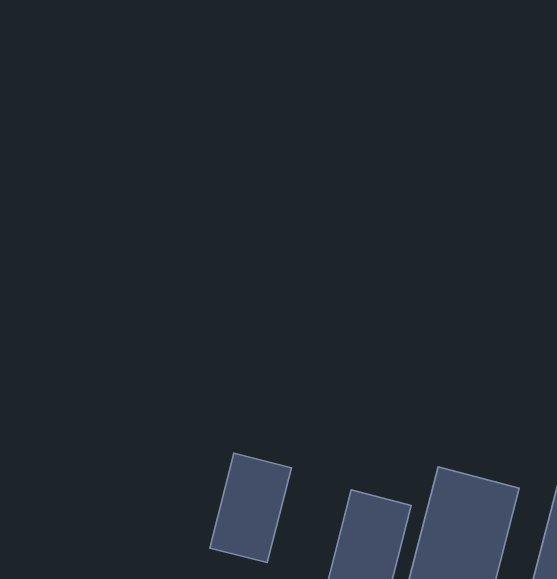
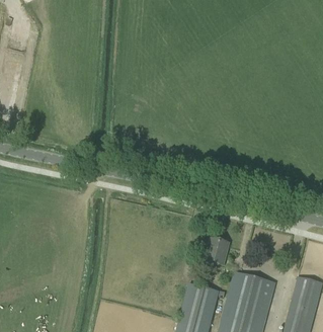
building: none -> [206,237,228,264]
building: [210,453,291,563] -> none

